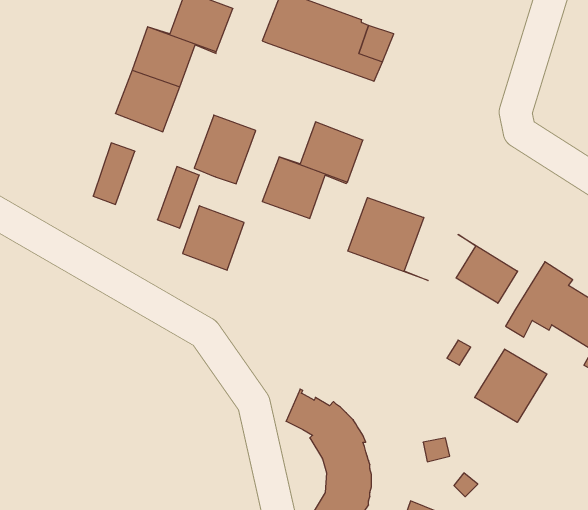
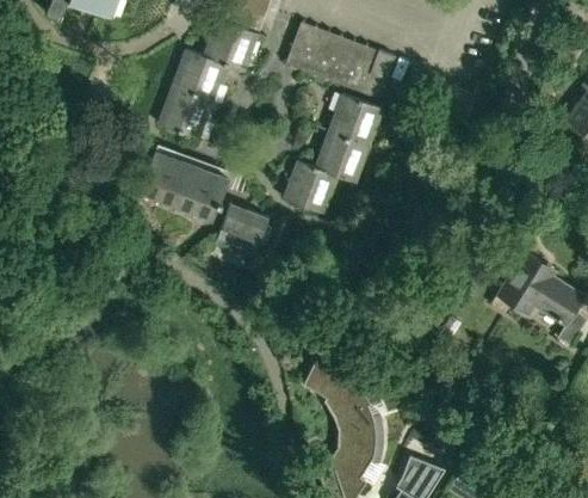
building: none -> [329,94,383,147]
building: [194,115,256,184] -> [159,156,211,215]
building: [348,198,428,281] -> none
building: [456,235,518,303] -> none
building: [475,349,547,422] -> none

